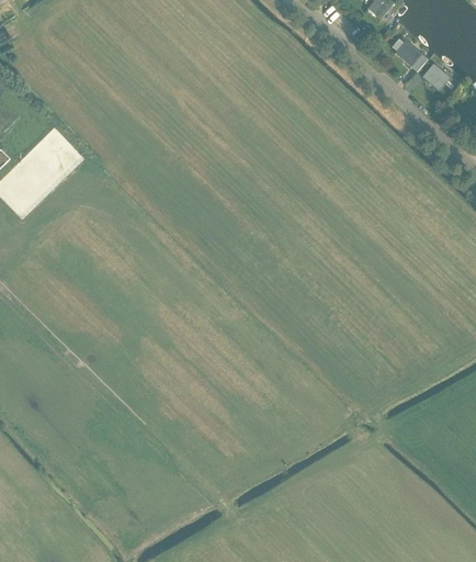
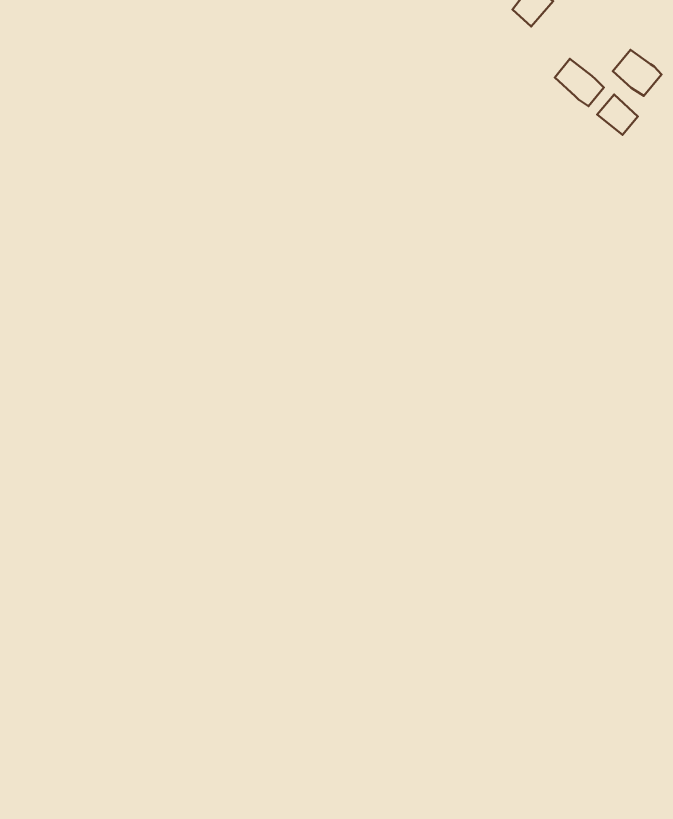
building: none -> [613,50,662,96]

